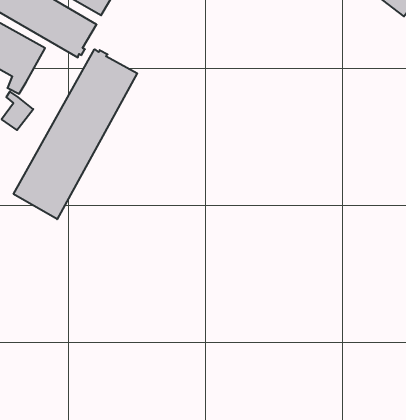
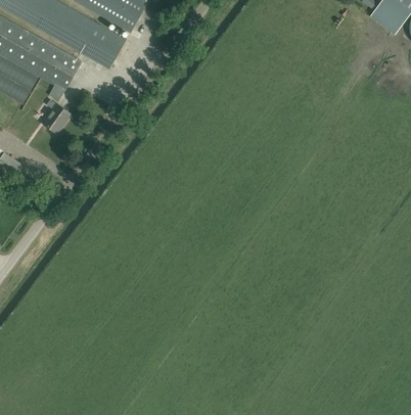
building: [14,49,137,219] -> none

